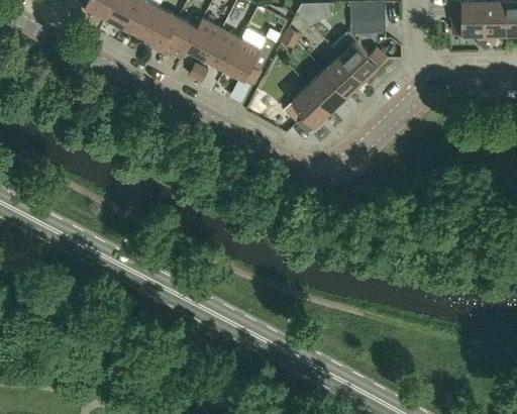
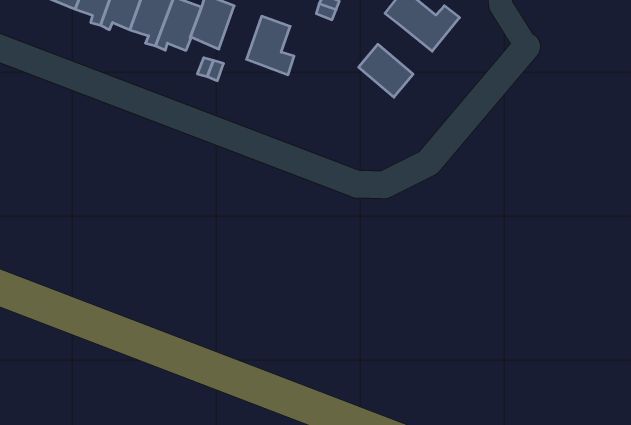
building: [206,29,240,70] -> none
building: [323,57,363,96] -> none
building: [291,86,330,133] -> none

